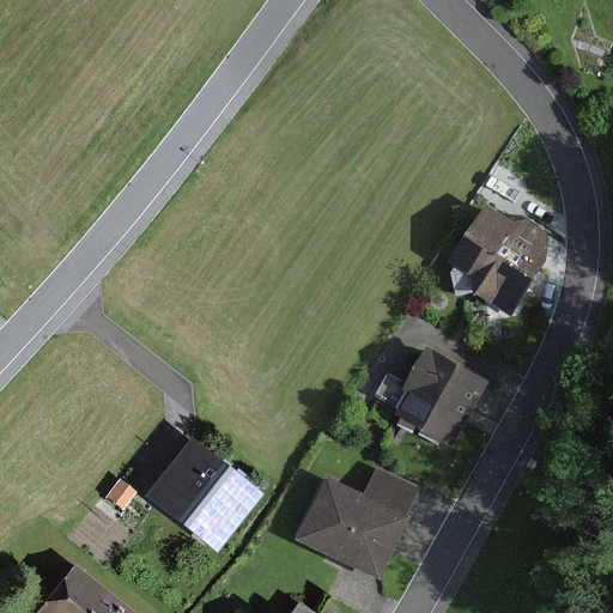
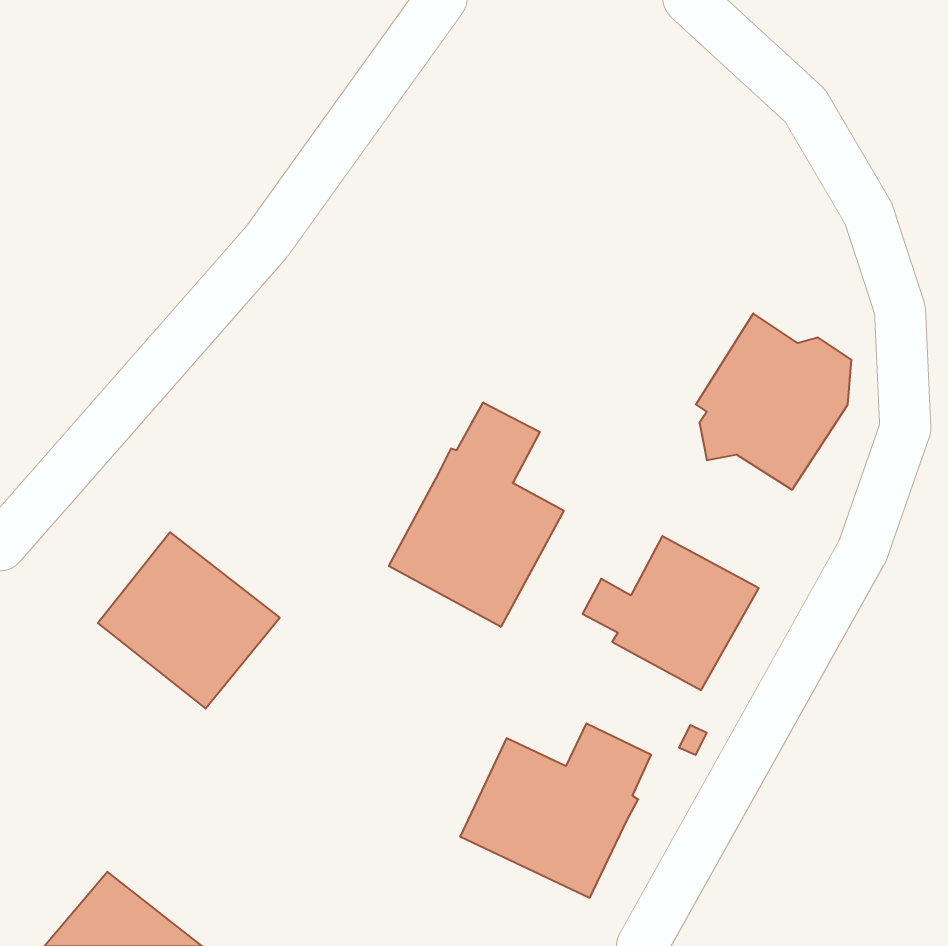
building: none -> [389,402,564,627]
building: [140,438,257,552] -> [98,532,280,709]

